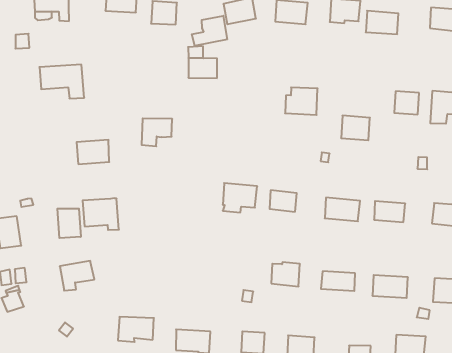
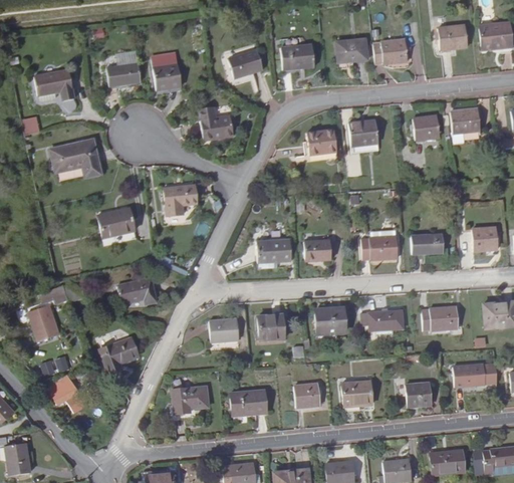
building: [192,16,227,46] -> none
building: [341,116,370,140] -> [351,120,381,146]
building: [57,209,81,238] -> none
building: none -> [208,319,238,343]
building: none -> [256,315,282,341]

